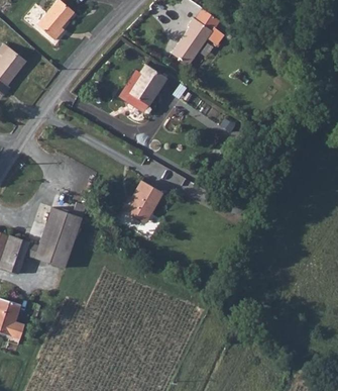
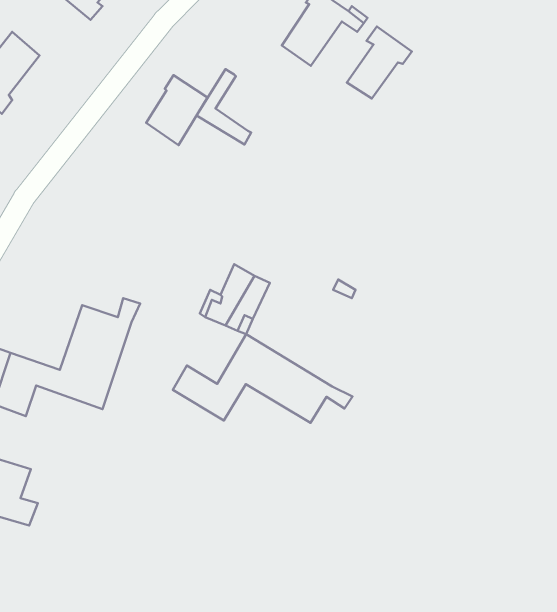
building: none -> [347,27,412,99]
building: [130,63,166,104] -> [146,75,207,145]
building: none -> [173,334,353,423]

